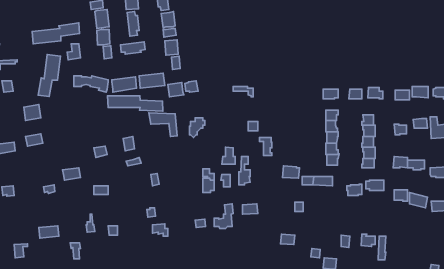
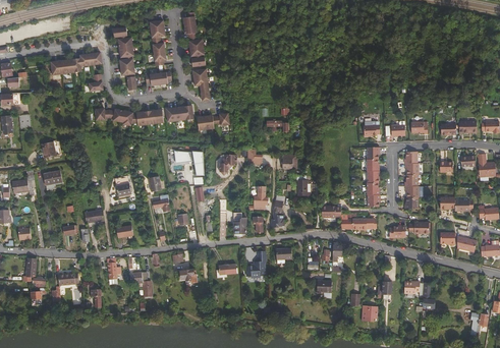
building: [38,55,60,97] -> none
building: [108,96,163,111] -> none

